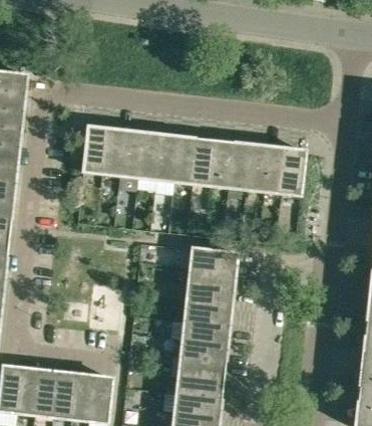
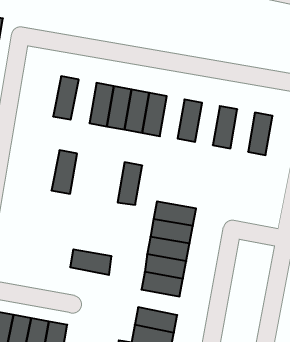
building: [101,131,124,174] -> [51,150,77,194]
building: [193,141,215,183] -> [118,162,142,205]
building: [229,145,251,187] -> none
building: [265,149,287,191] -> none
building: [183,339,225,362] -> [70,249,112,275]

